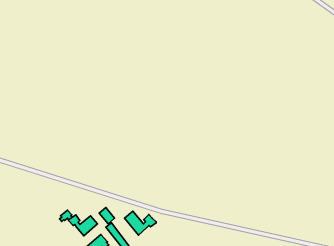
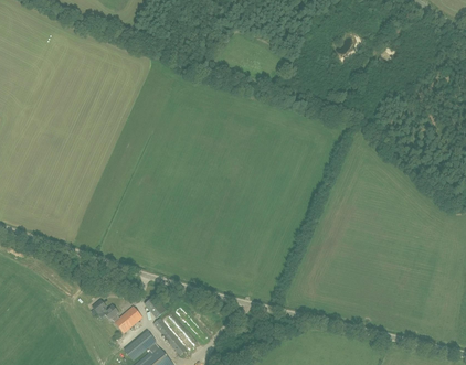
building: [124,211,156,235] -> none

